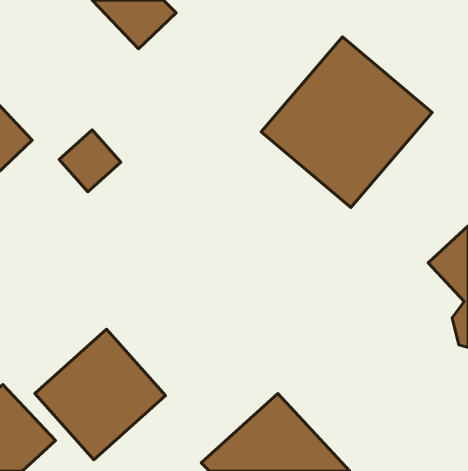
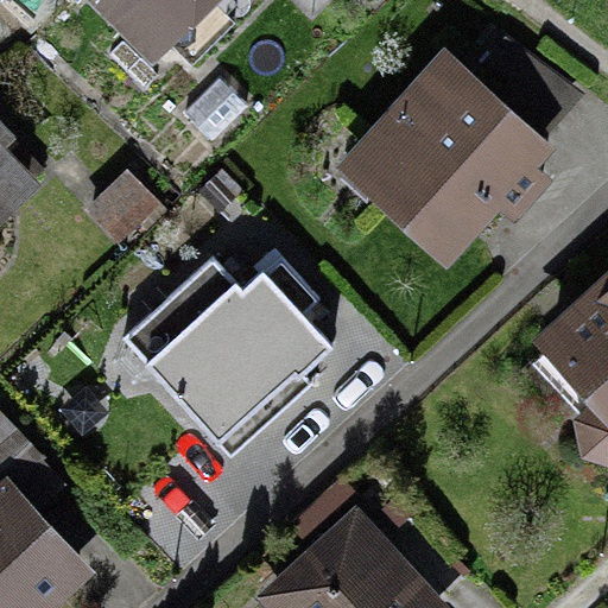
building: none -> [122,258,335,454]
building: [35,329,166,460] -> none

